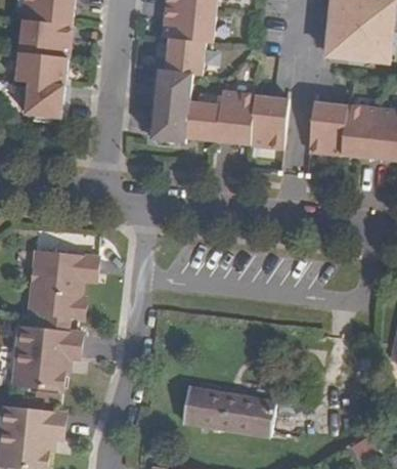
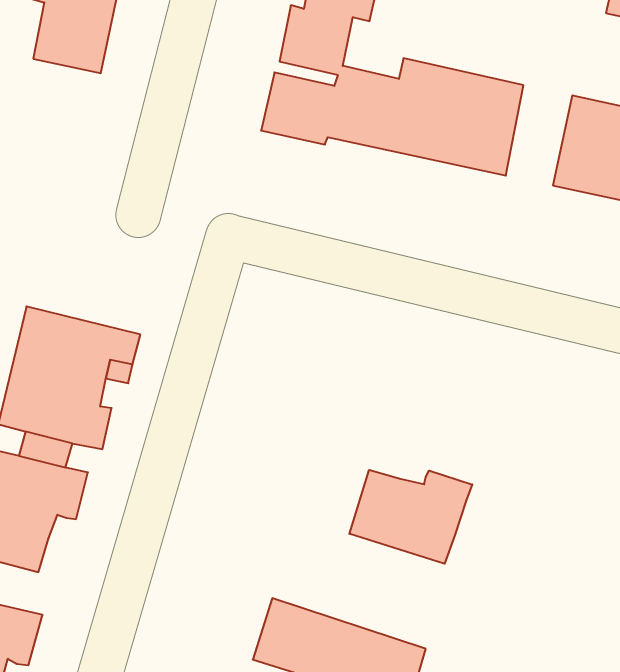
building: none -> [349,470,472,564]

